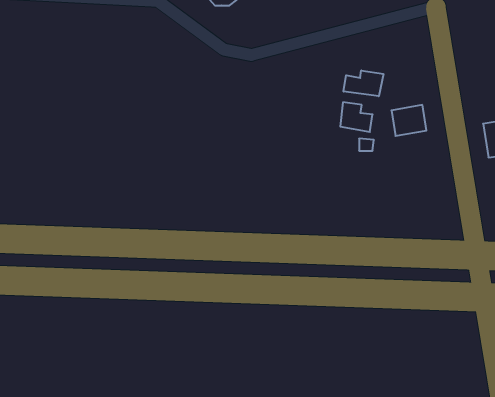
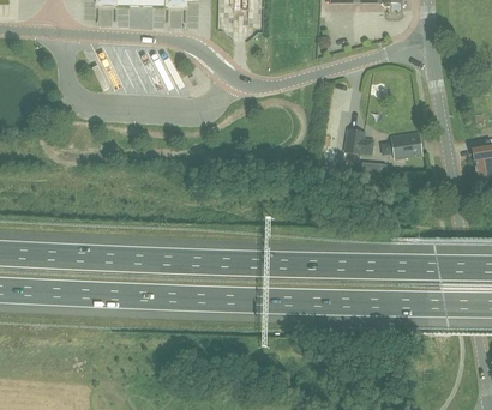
building: [344,70,383,96] -> none

